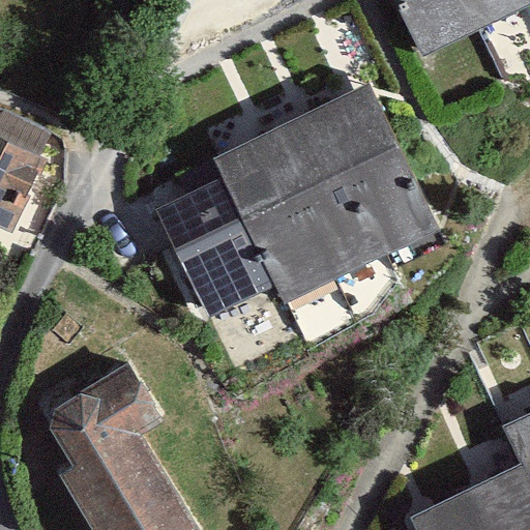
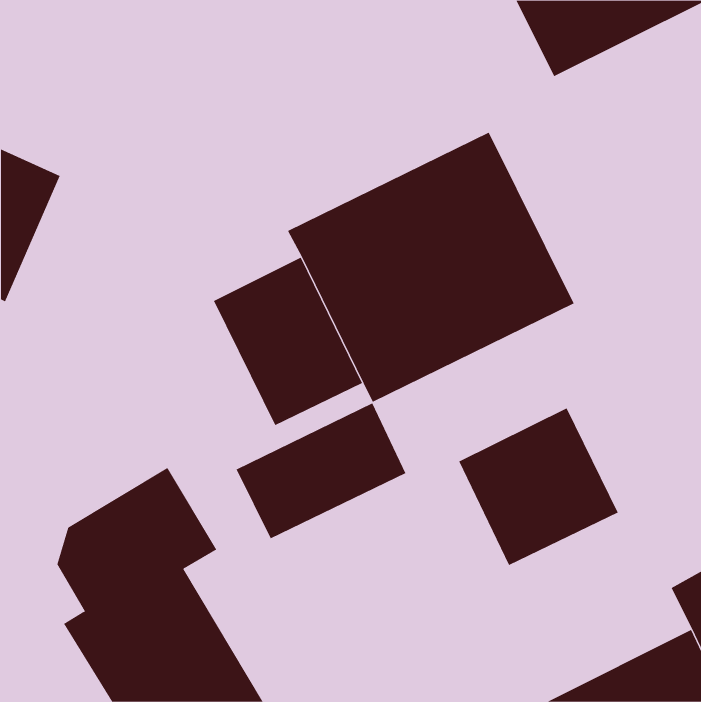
building: none -> [236,403,406,539]
building: none -> [458,408,618,566]

